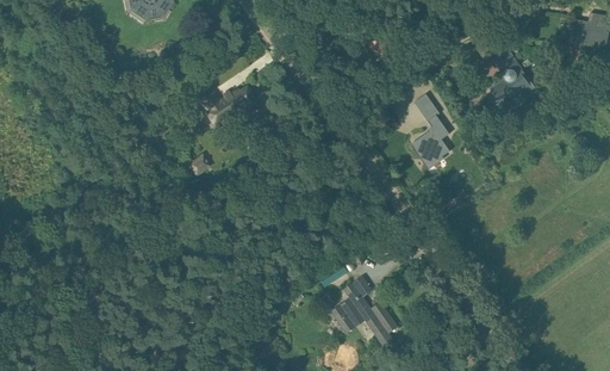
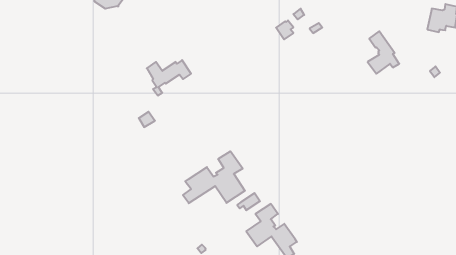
building: [415,101,450,161] -> none
building: none -> [183,151,245,203]

